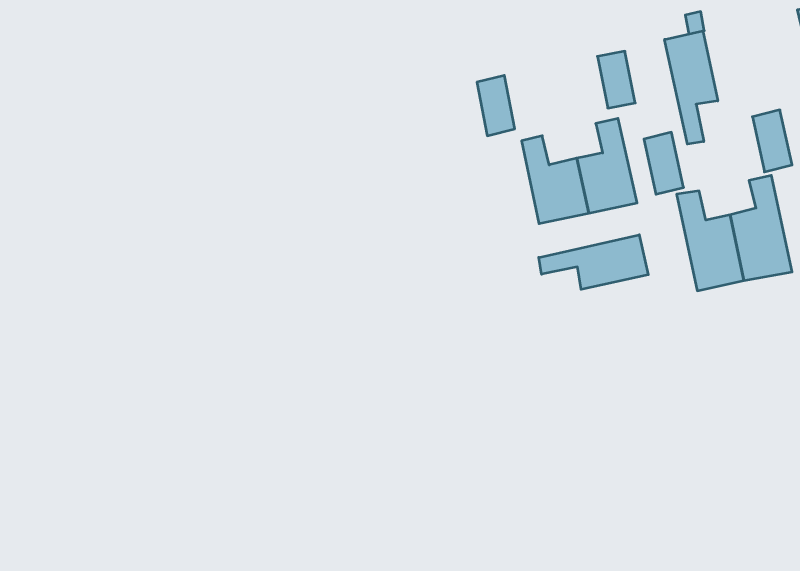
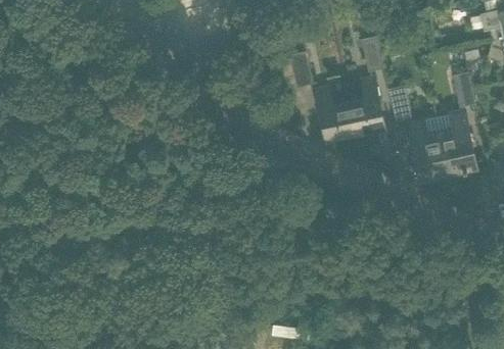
building: [665,31,718,144] -> none
building: [539,235,648,289] -> none

